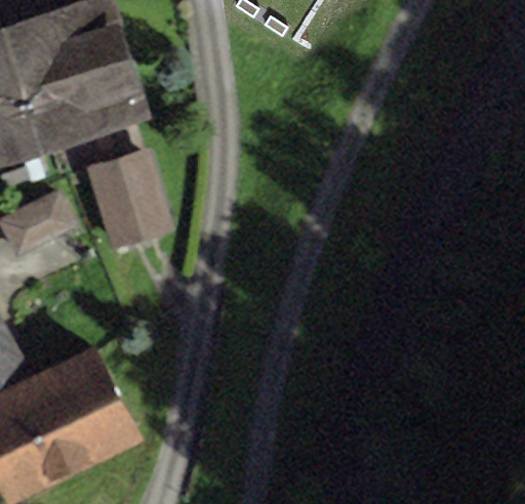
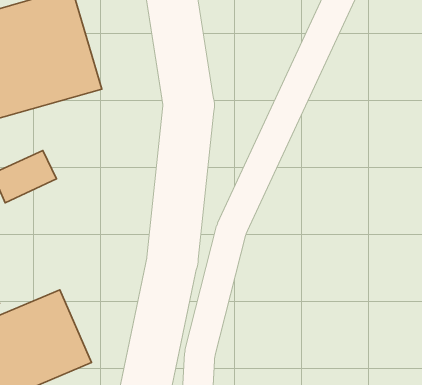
building: [83,155,175,253] -> none

